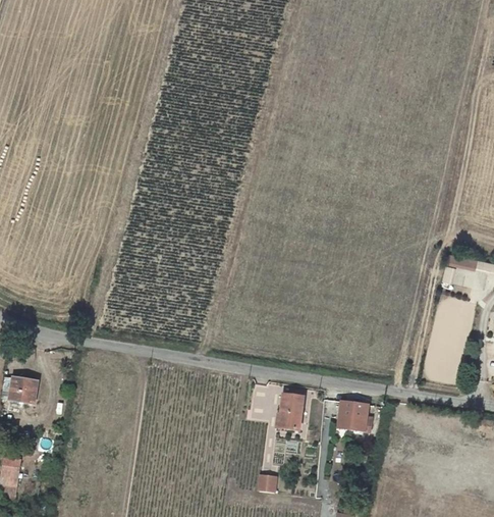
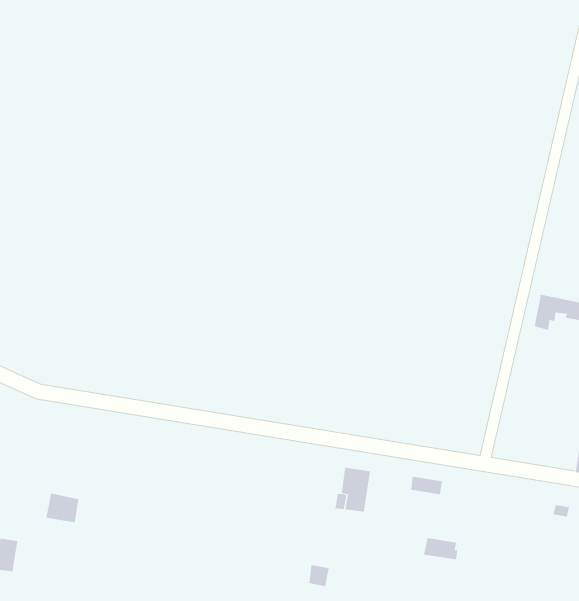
building: [13,377,41,402] -> [45,493,79,523]
building: [340,413,369,431] -> [423,537,458,560]

